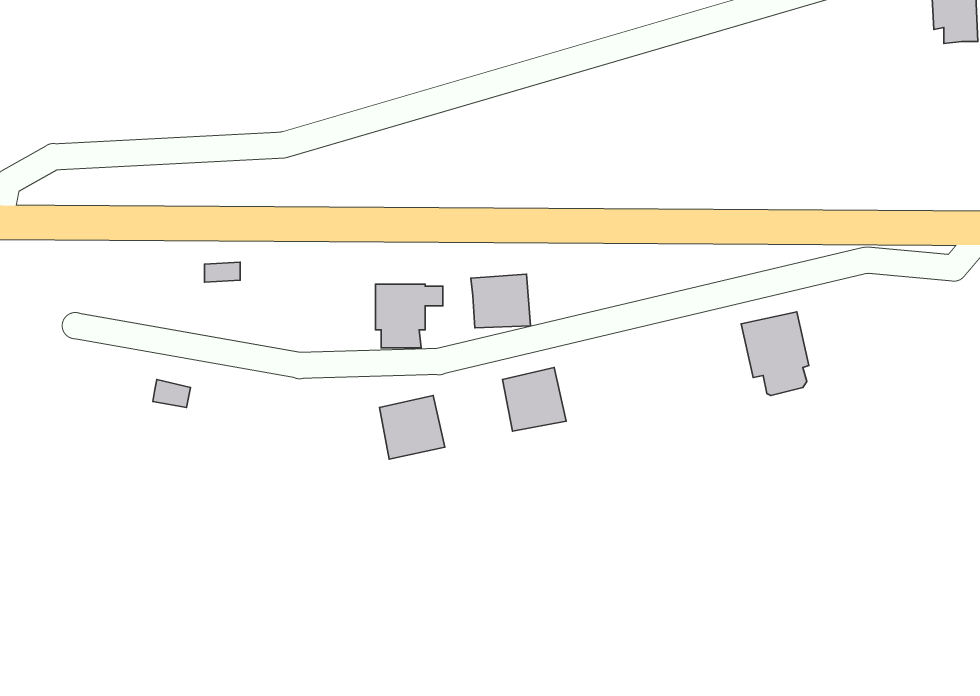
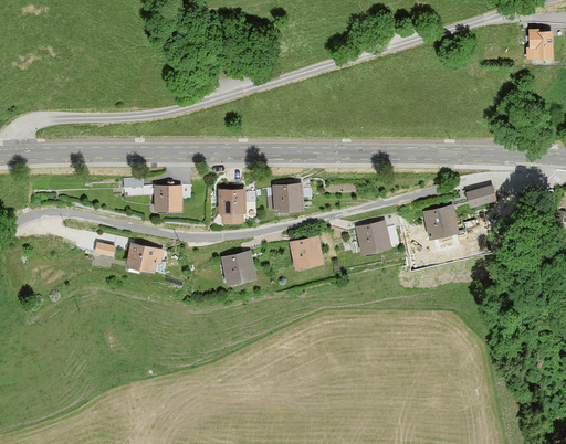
building: none -> [465,184,496,209]
building: none -> [154,186,181,213]
building: none -> [354,220,391,255]
building: none -> [125,242,163,276]

